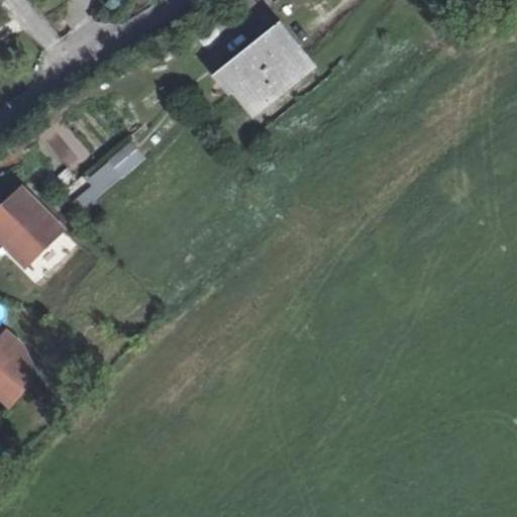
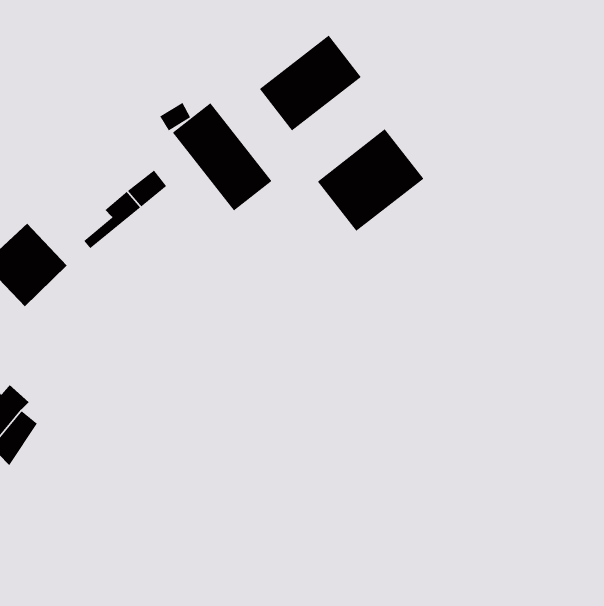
building: none -> [172,102,273,212]
building: none -> [317,128,424,232]

